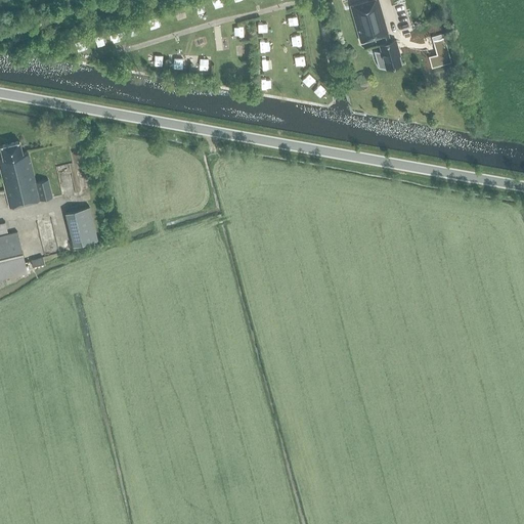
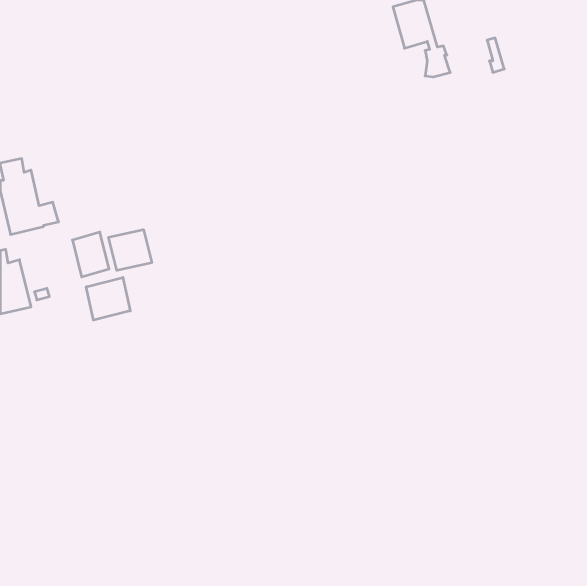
building: none -> [109,230,152,270]
building: none -> [86,277,130,320]

